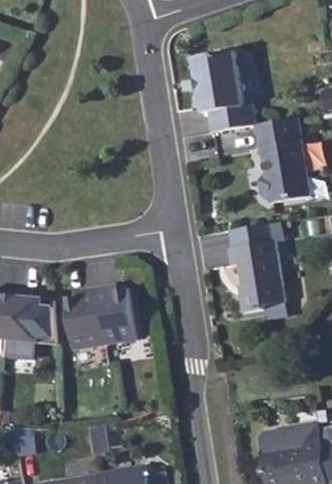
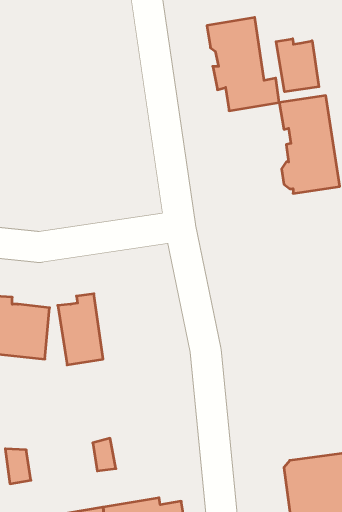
building: none -> [276,39,319,92]
building: [228,222,284,311] -> none
building: [94,285,134,344] -> none

